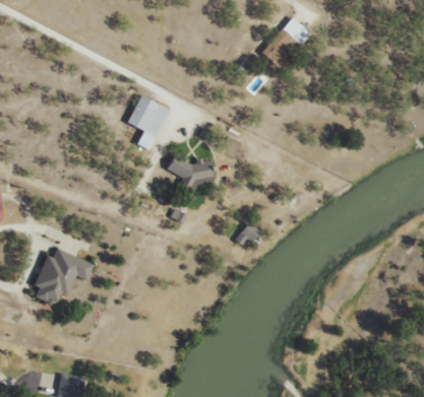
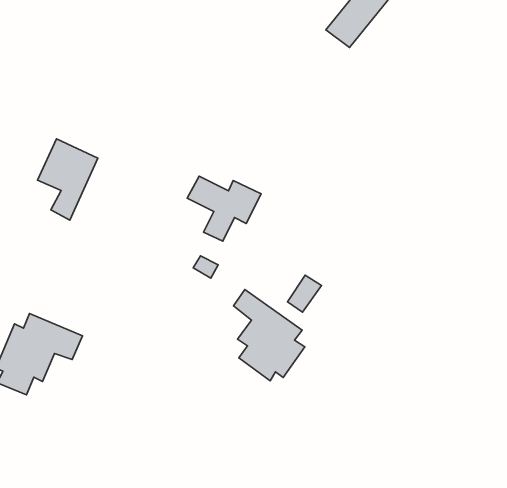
building: [128,94,170,150] -> [37,139,98,220]
building: none -> [233,289,305,381]

